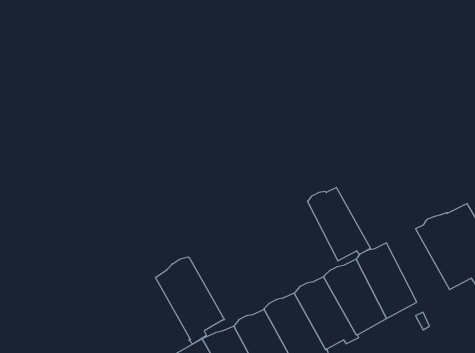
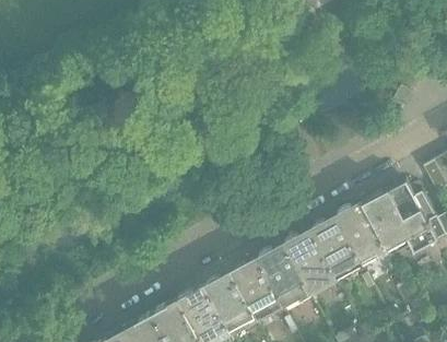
building: [307,188,371,261] -> [338,204,392,268]
building: [155,257,225,344] -> none

